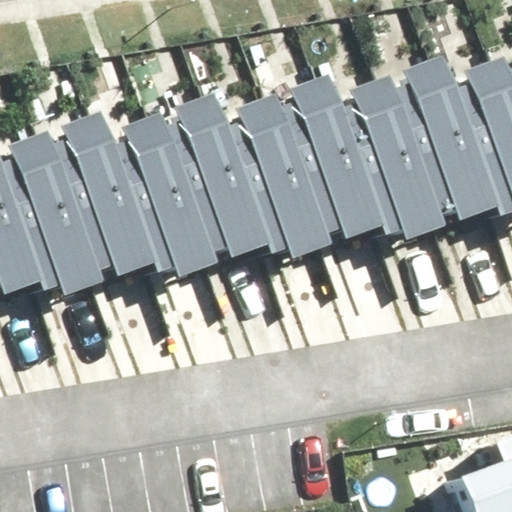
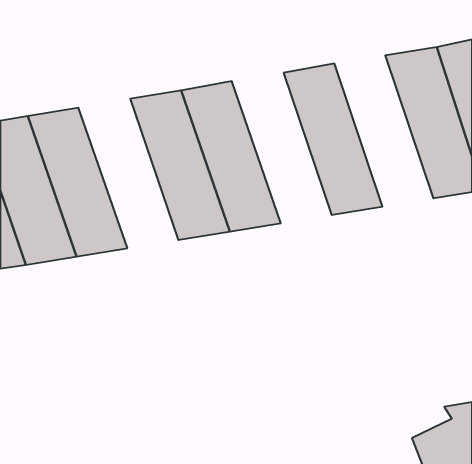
building: [362,68,469,232] -> none
building: [251,87,359,250] -> none
building: [85,115,193,277] -> none

